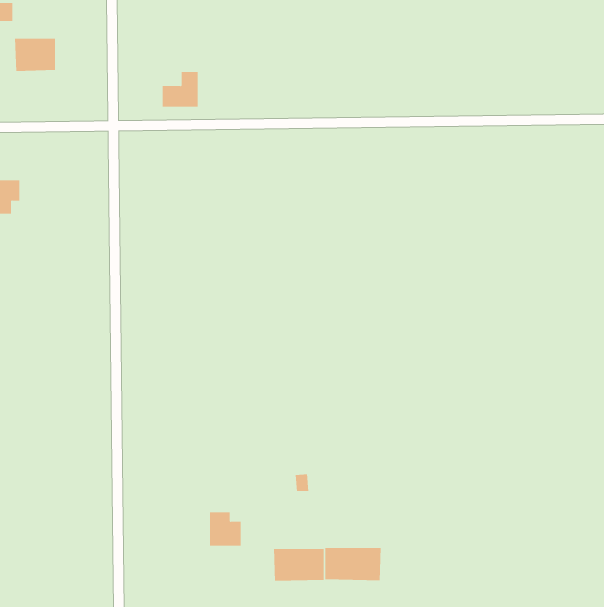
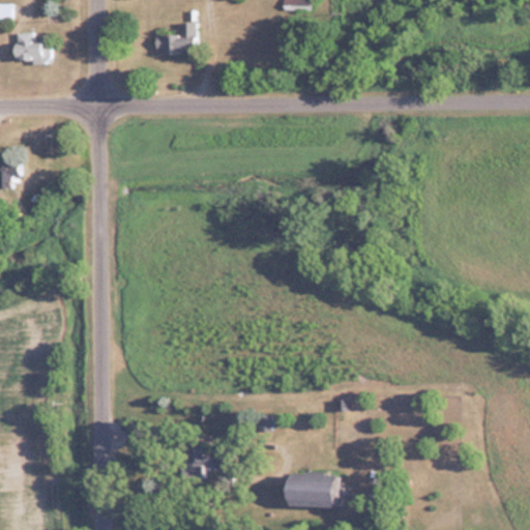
building: [162,71,199,107] -> [161,23,194,54]
building: [274,548,324,582] -> none

